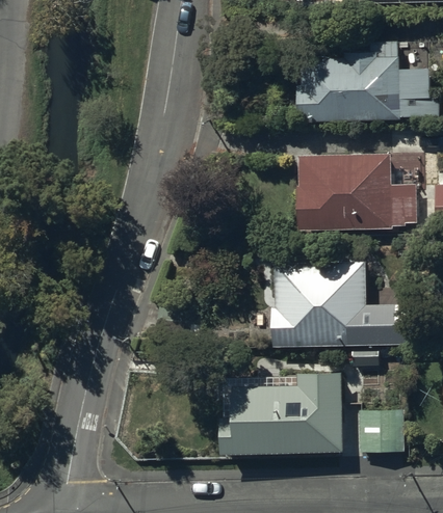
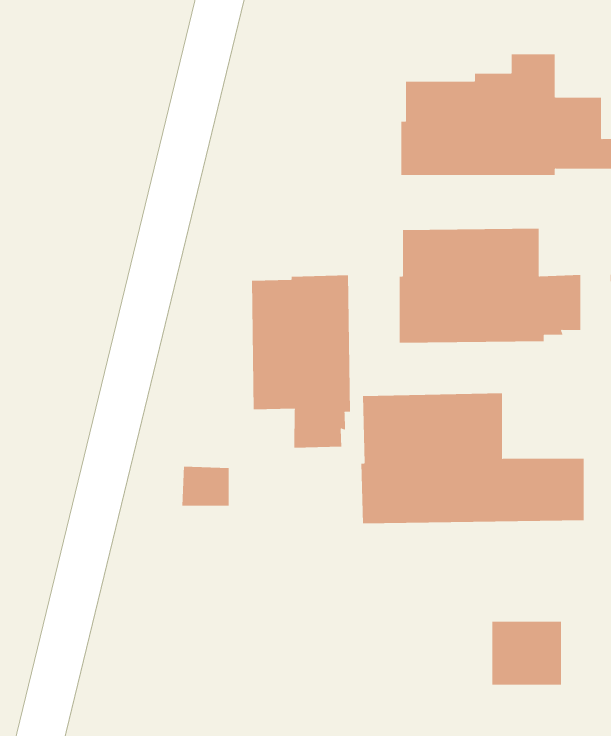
building: none -> [251,275,351,449]
building: [220,376,346,458] -> none

